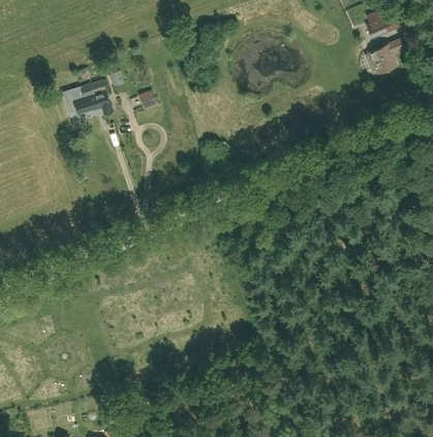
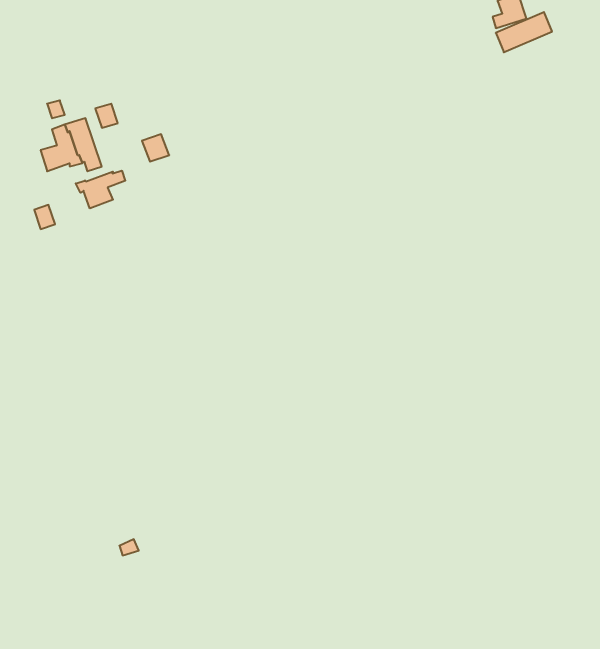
building: [368,39,403,74] -> none
building: none -> [76,171,125,208]

